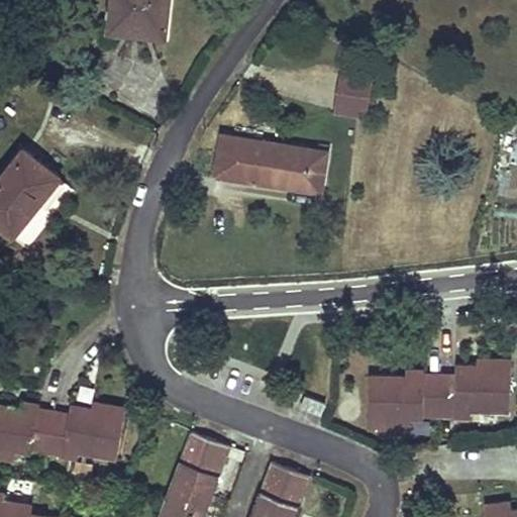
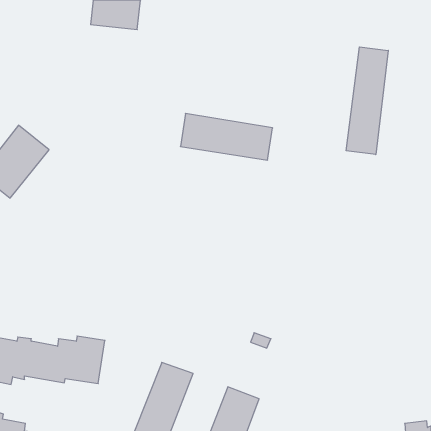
building: none -> [346,47,388,155]
building: [334,74,371,116] -> none
building: [367,360,509,429] -> none

